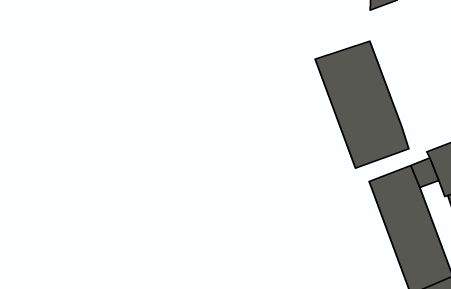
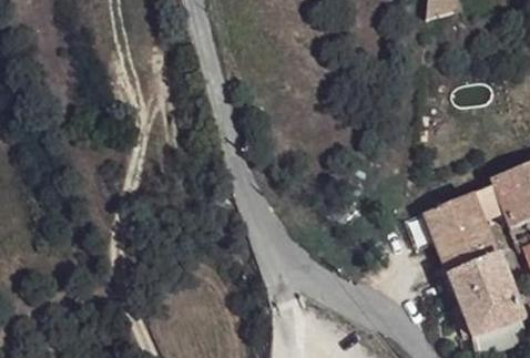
building: [315,41,409,168] -> none

